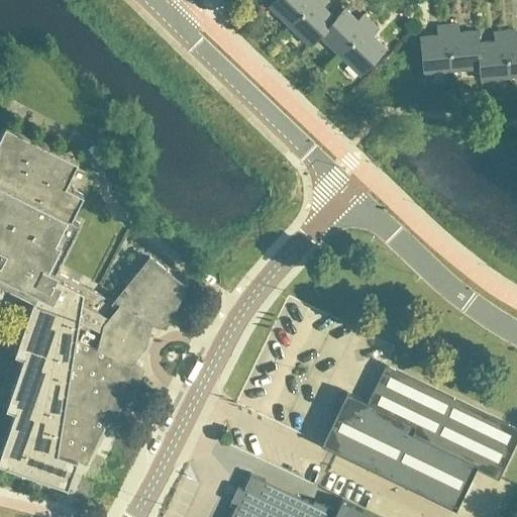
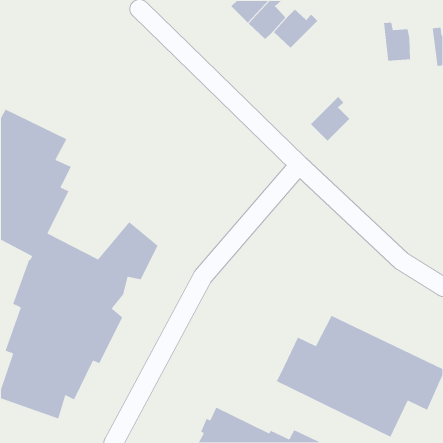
building: [338,24,385,77] -> [310,96,350,141]
building: [419,26,451,75] -> none
building: [478,32,509,81] -> none

